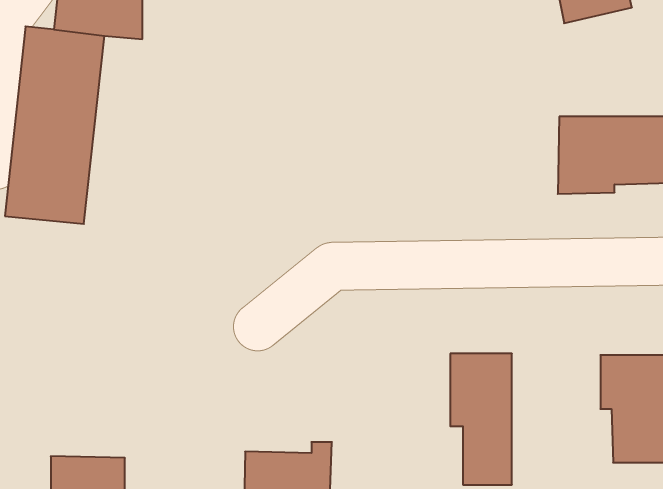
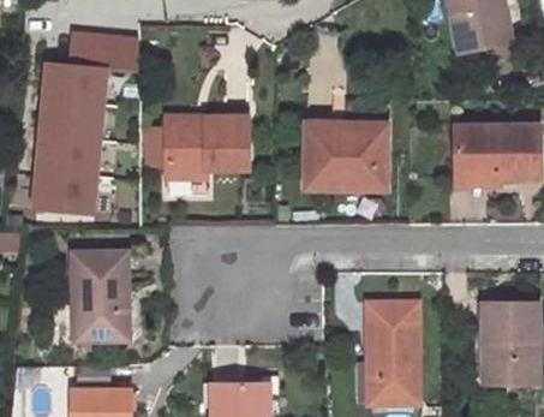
building: none -> [166,118,247,179]
building: none -> [305,124,384,187]
building: none -> [72,254,126,341]

